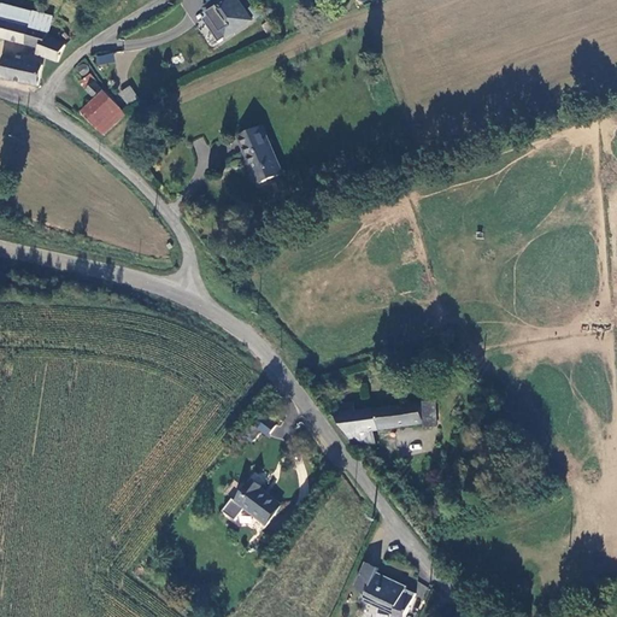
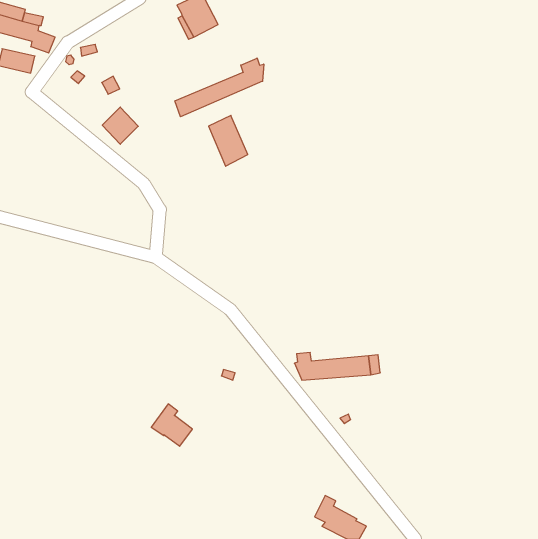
building: none -> [175,58,264,117]
building: [80,90,121,133] -> [102,107,138,144]
building: [229,474,276,522] -> [151,404,192,446]

